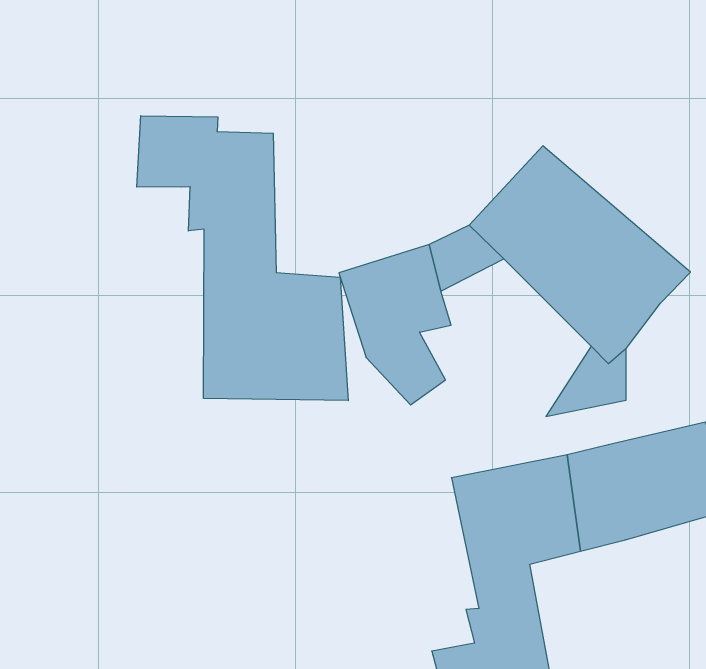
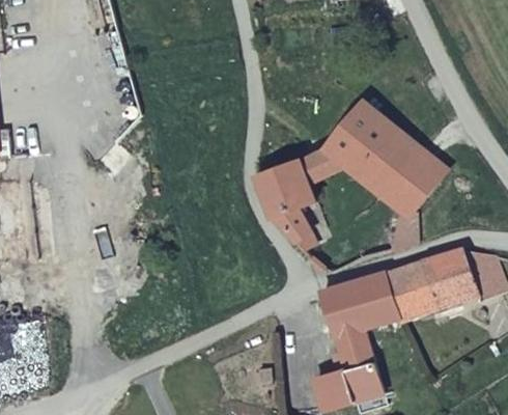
building: [137,116,348,401] -> none

